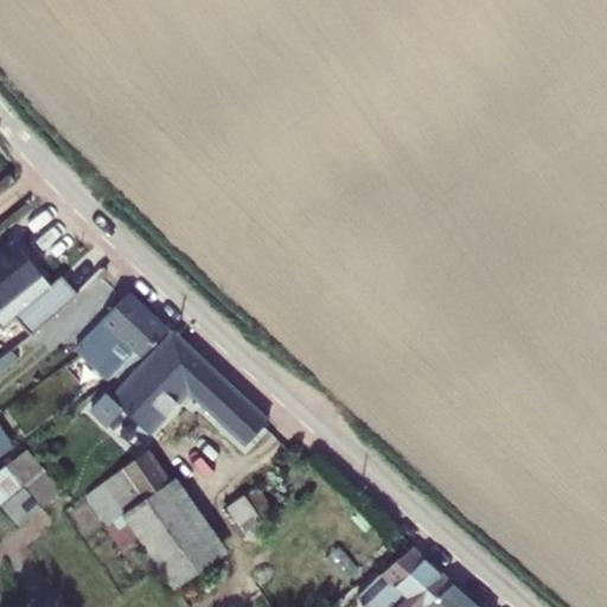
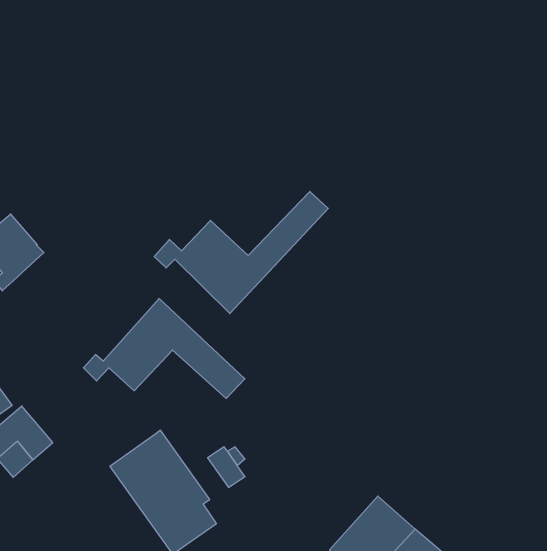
building: none -> [154,191,328,314]
building: [14,273,75,334] -> none
building: [78,292,167,381] -> none
building: [83,449,167,525] -> none

